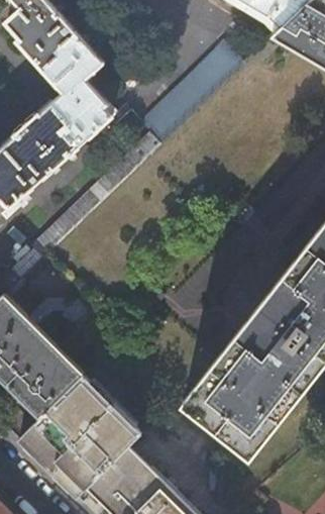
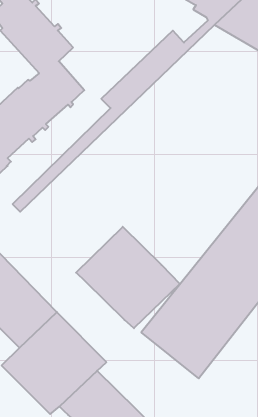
building: none -> [76,227,180,328]

